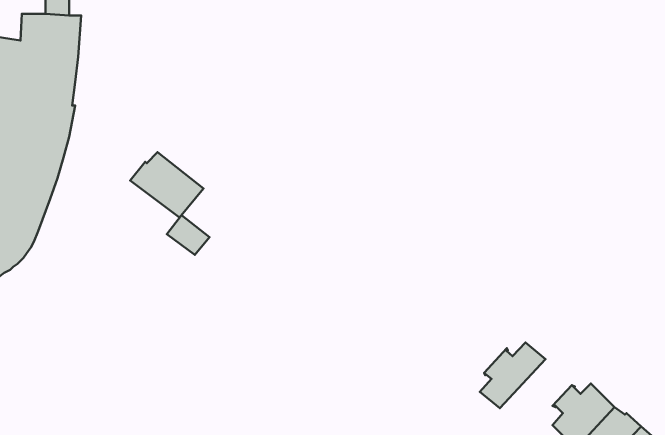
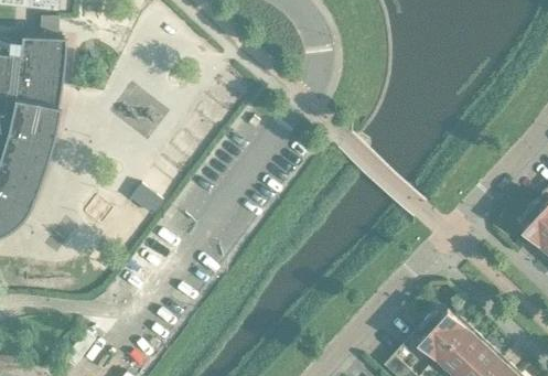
building: [130,152,204,218] -> none
building: [480,343,545,408] -> none

